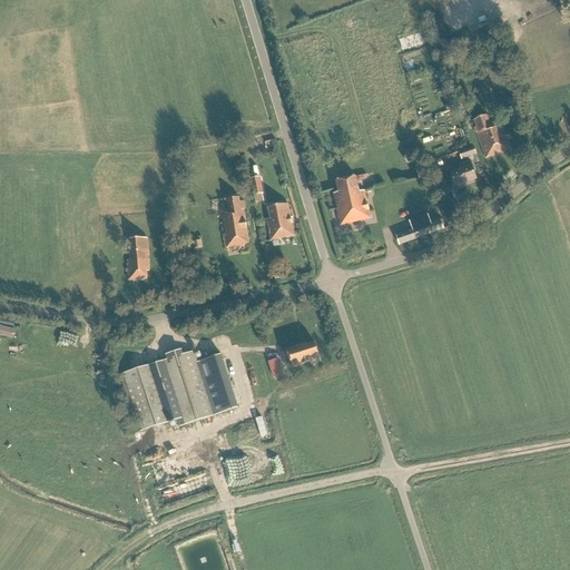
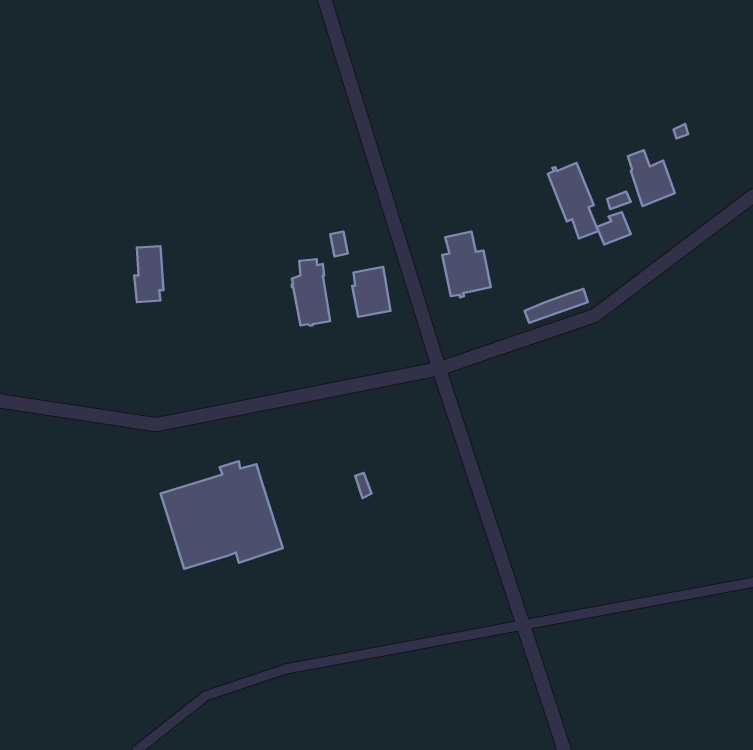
building: none -> [548,163,598,238]
building: [127,236,149,278] -> [134,246,164,302]
building: [283,340,320,365] -> none
building: [197,354,237,414] -> none

